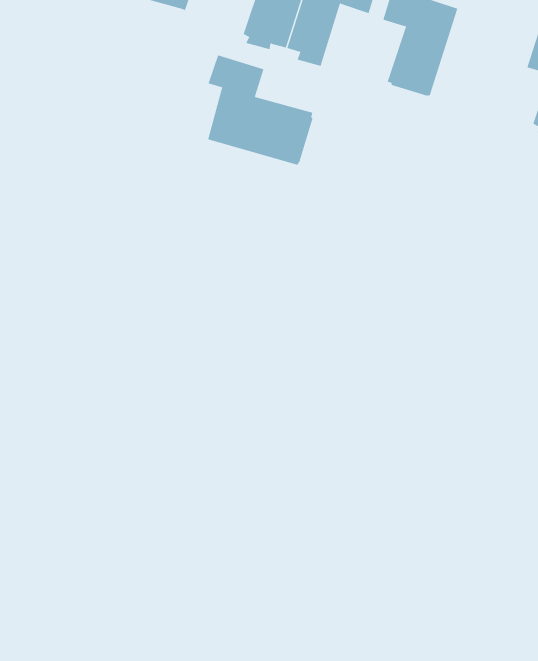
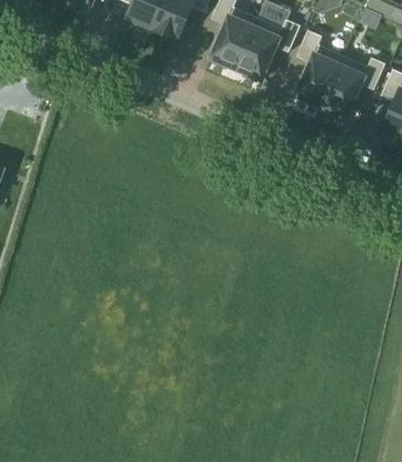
building: none -> [321,56,385,118]
building: [207,55,313,166] -> none

